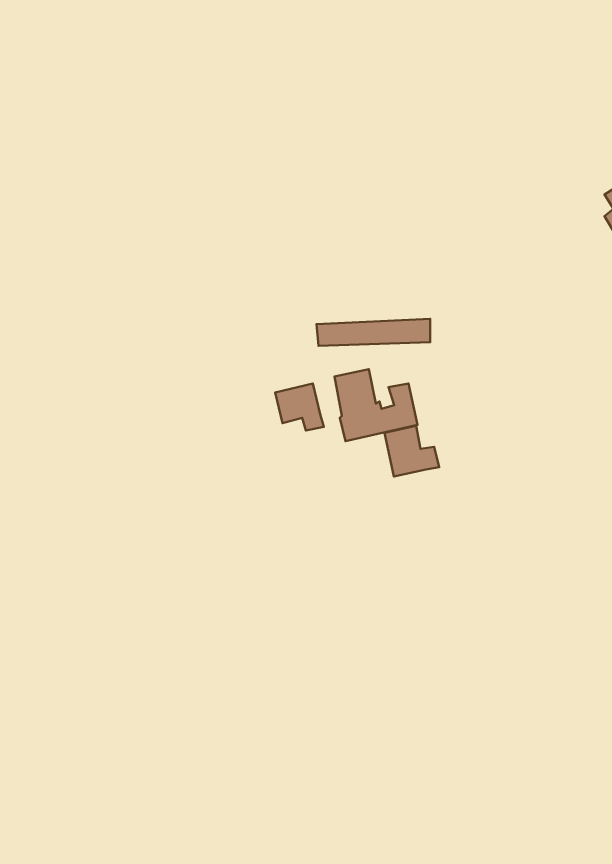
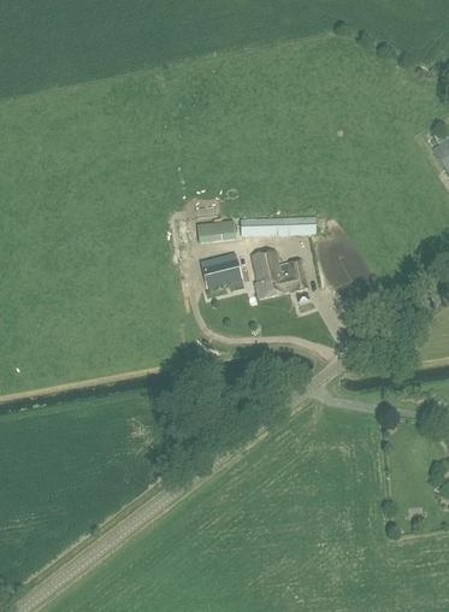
building: none -> [197,218,236,241]
building: [384,426,439,476] -> none

